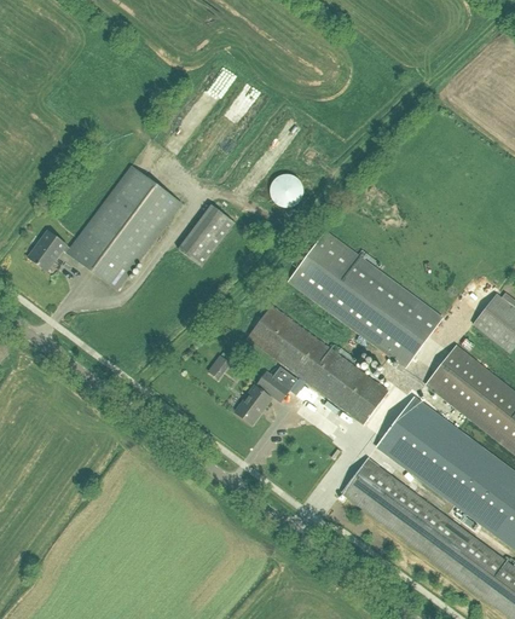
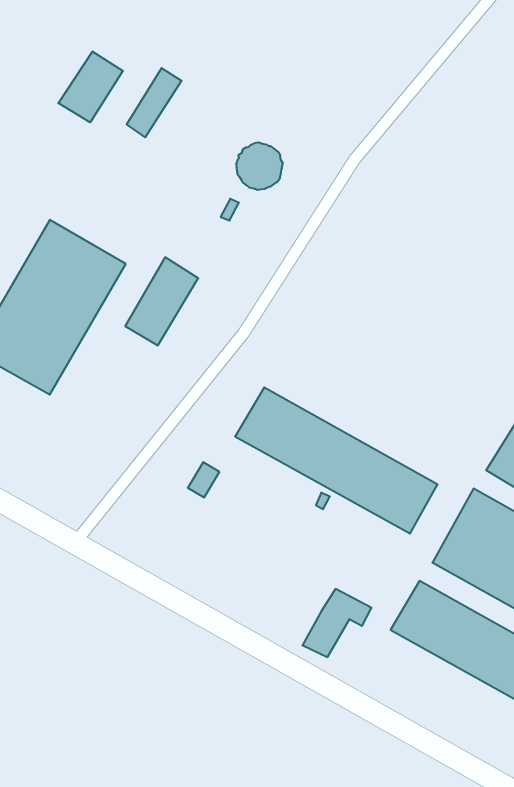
building: none -> [58,51,123,122]
building: [270,173,303,207] -> [236,143,283,190]
building: [290,231,444,366] -> none
building: [236,374,289,422] -> [302,589,372,657]

